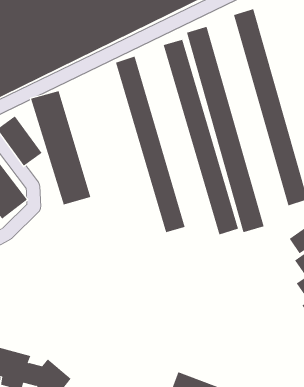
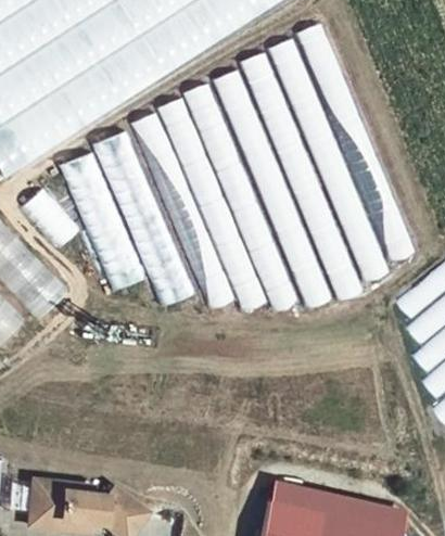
building: none -> [269,39,390,280]
building: none -> [183,82,302,312]
building: none -> [131,113,234,309]
building: none -> [92,130,198,308]

